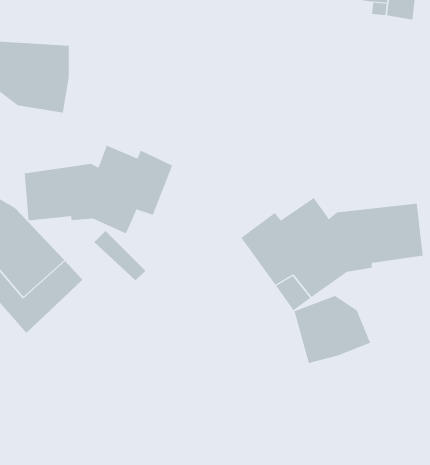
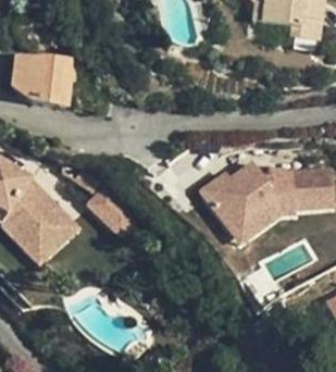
building: [24,145,173,234] -> none
building: [294,295,371,364] -> none

